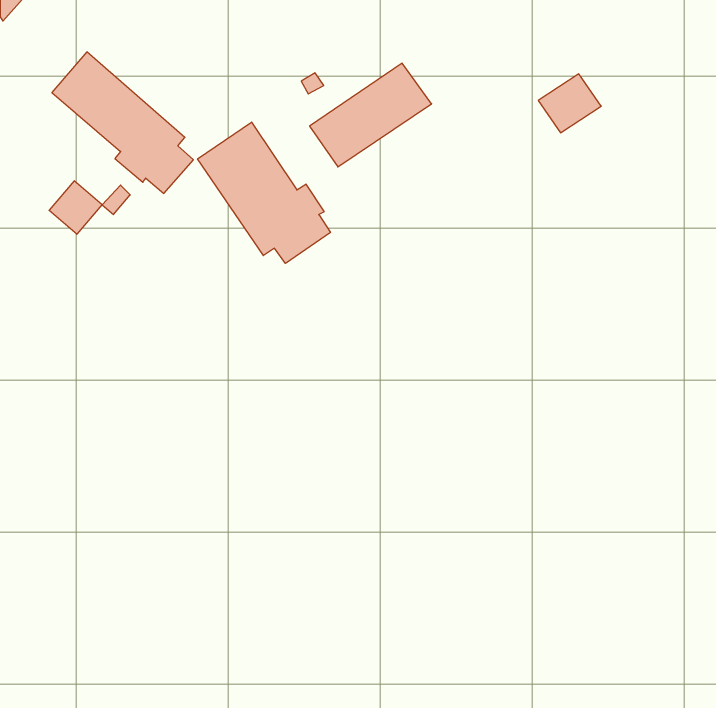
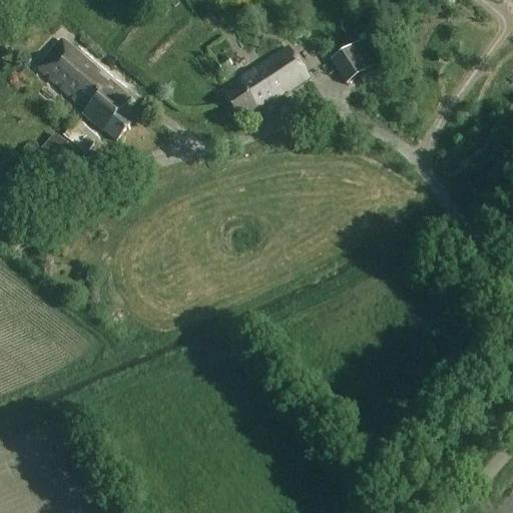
building: [538,74,601,133] -> [330,37,375,79]
building: [198,122,330,263] -> none

